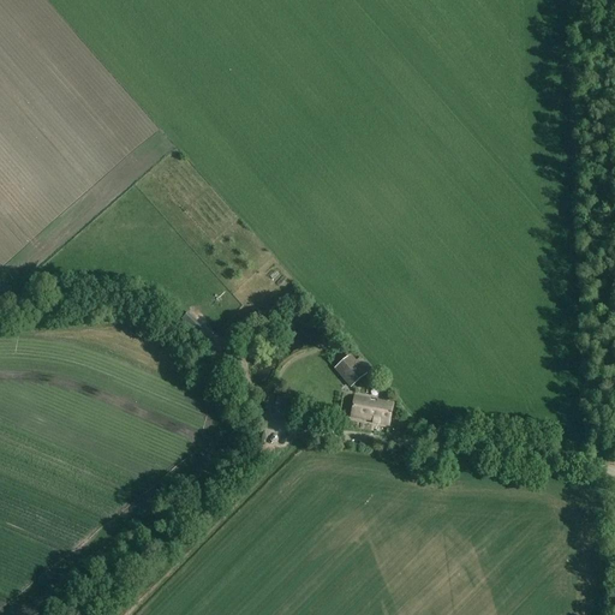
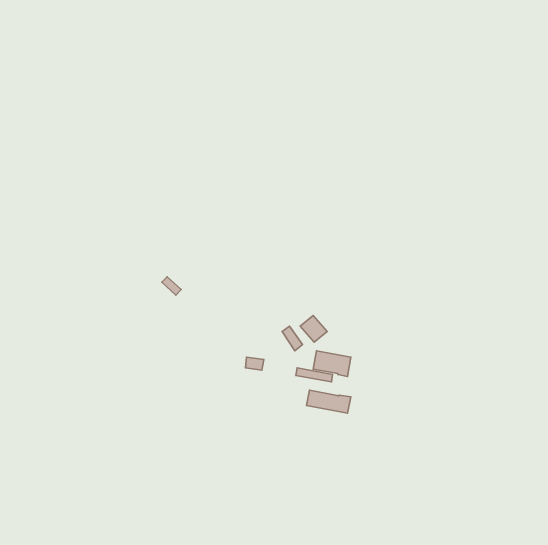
building: none -> [307,390,351,413]

